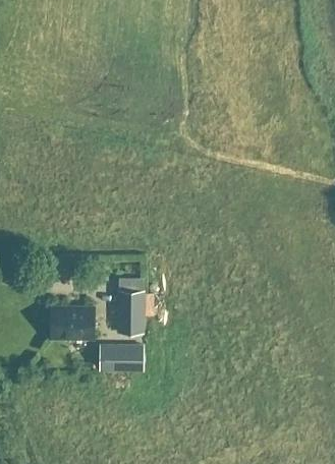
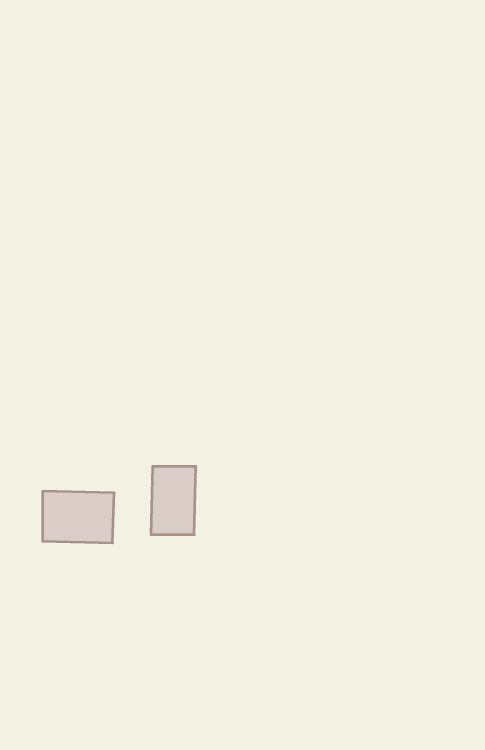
building: [100,344,129,370] -> none

